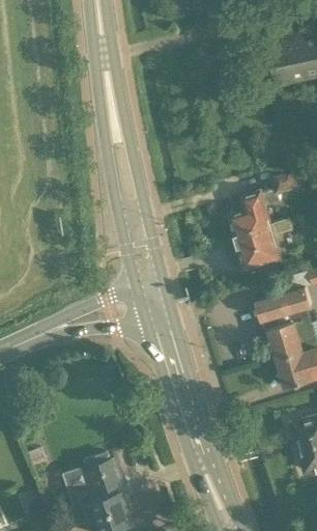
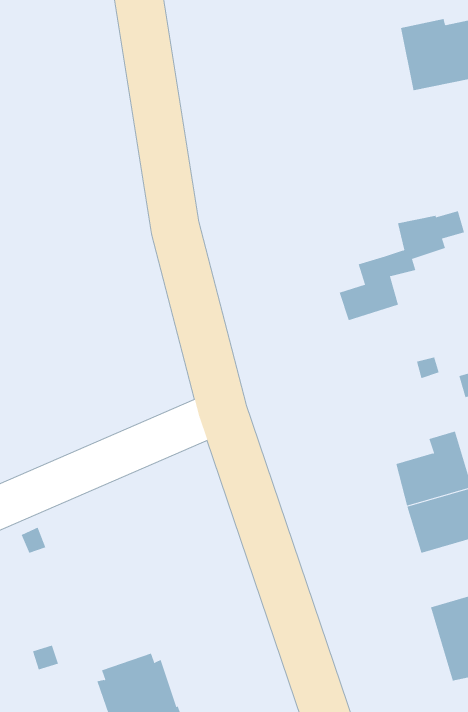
building: [235,219,292,269] -> none
building: [255,287,310,330] -> none

